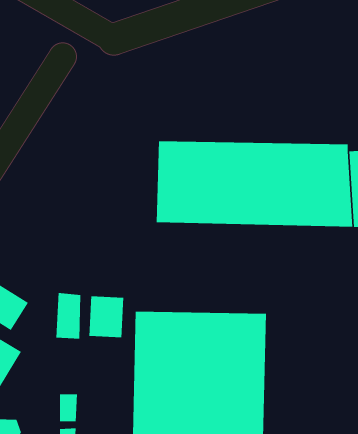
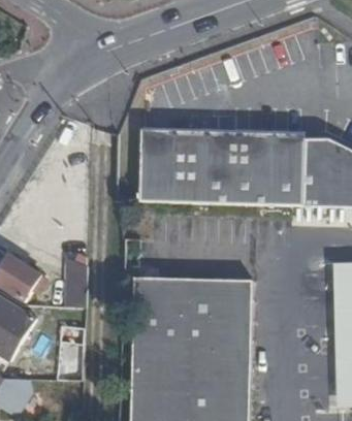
building: [89,295,124,338] -> none

